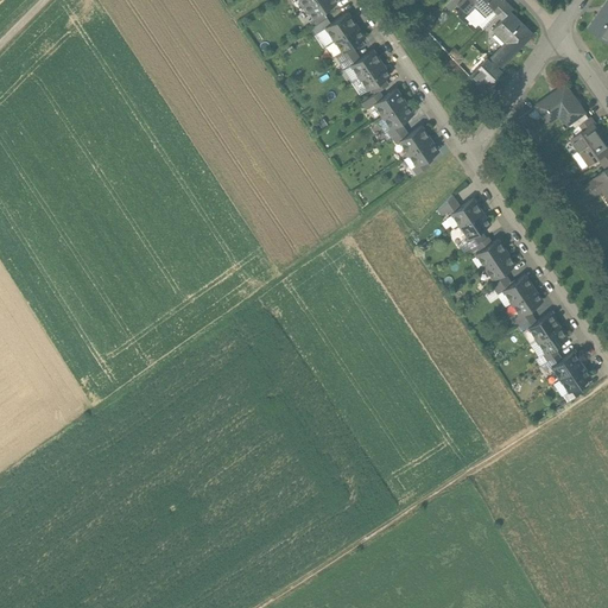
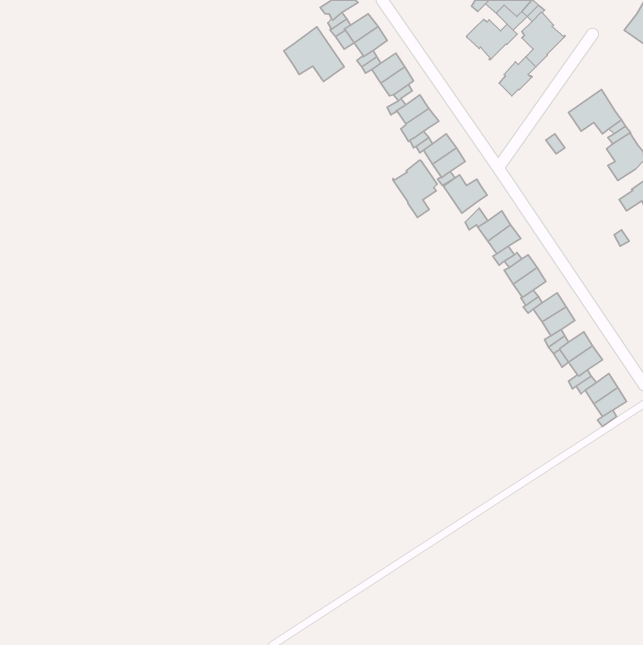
building: none -> [467,19,517,60]
building: none -> [284,27,344,82]
building: none -> [393,160,437,217]
building: none -> [443,175,487,213]

